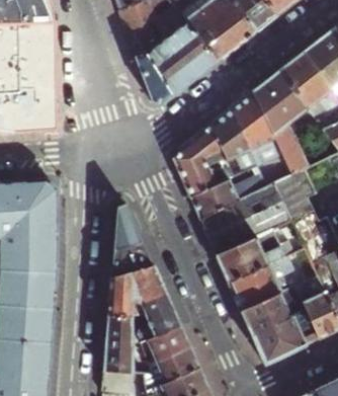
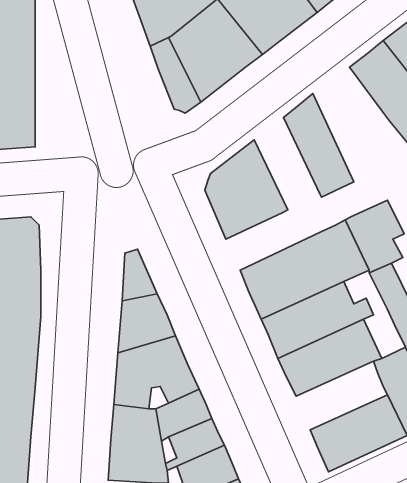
building: [253,71,310,174] -> none
building: [210,107,258,174] -> none
building: [190,171,269,218] -> none
building: [241,284,307,333] -> none

